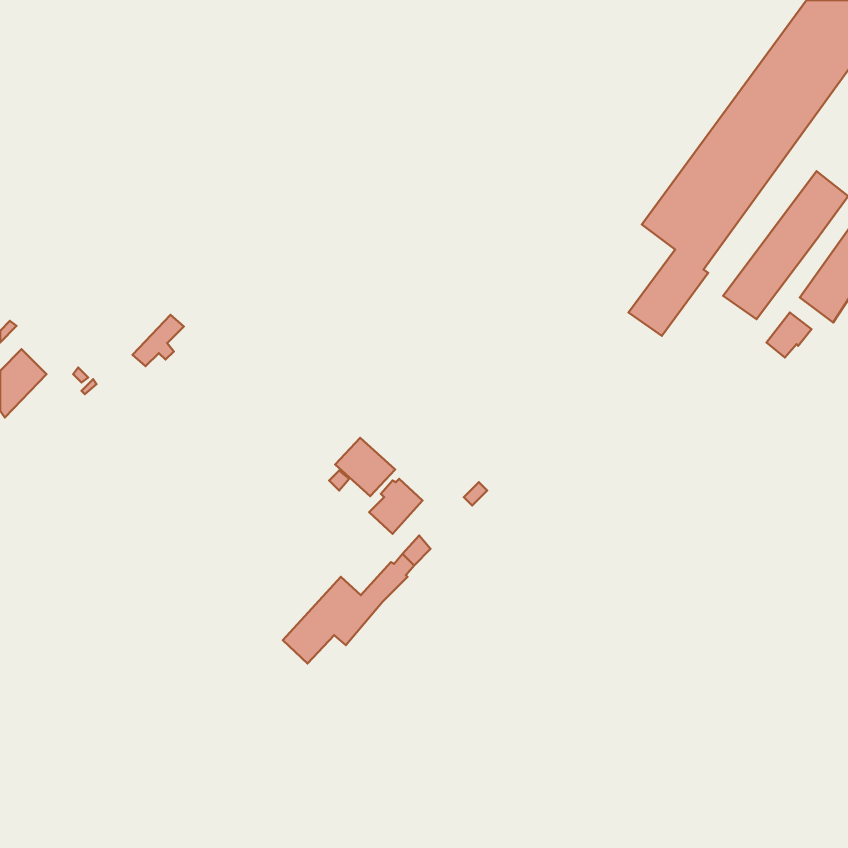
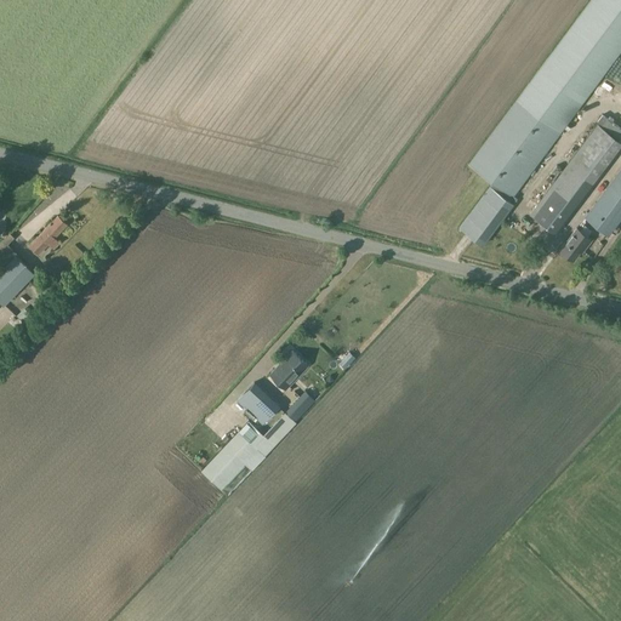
building: [132,315,184,366] -> [30,217,68,255]
building: [335,438,395,496] -> [238,382,281,425]

